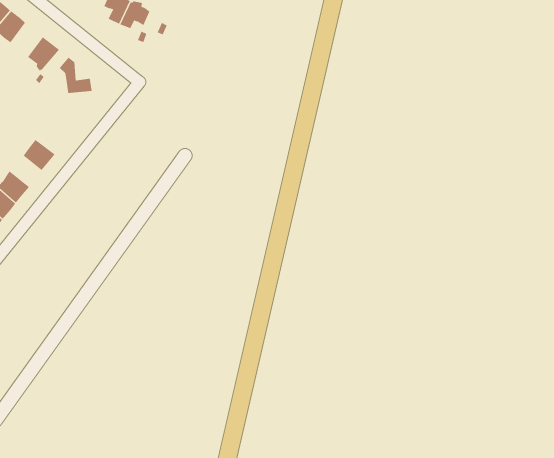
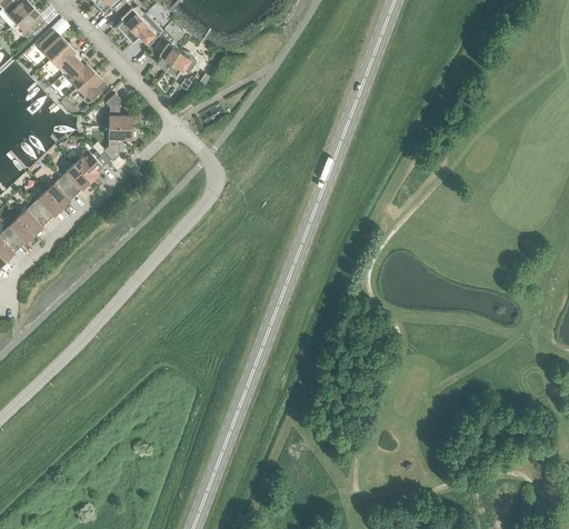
building: none -> [63,57,93,88]
building: none -> [103,127,132,160]
building: none -> [73,150,104,181]
building: none -> [46,178,76,208]

